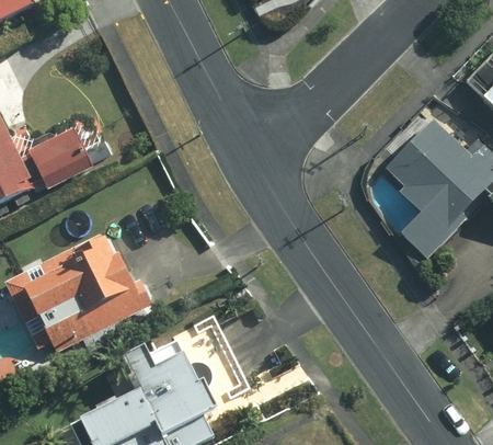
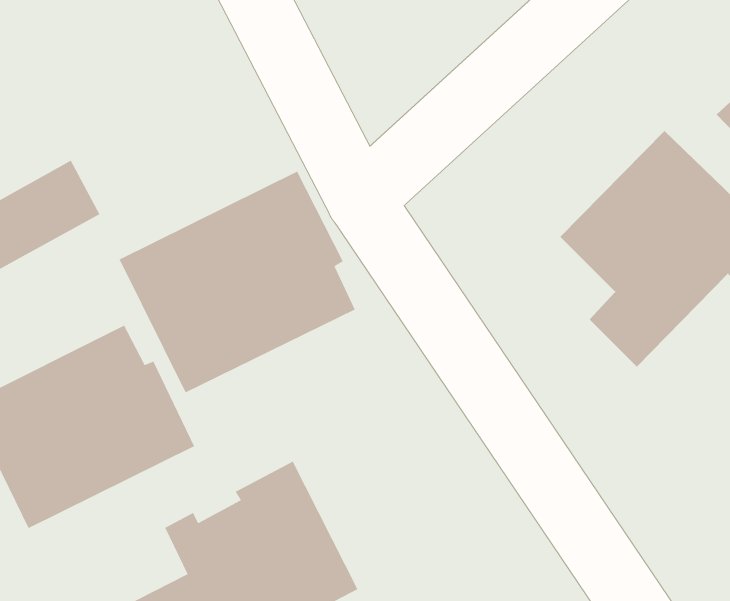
building: none -> [119,170,356,393]

